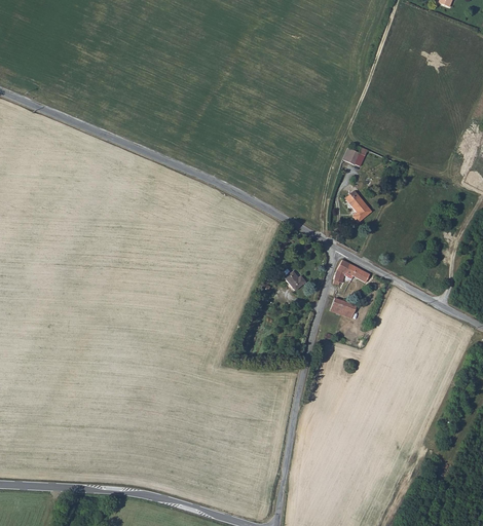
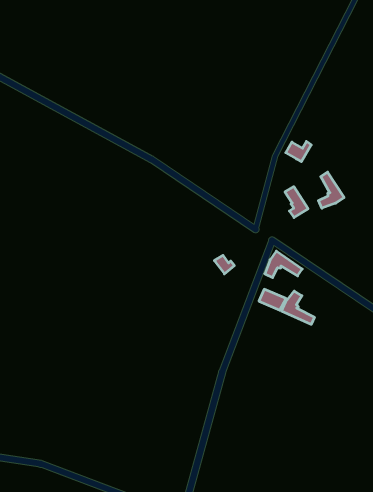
building: none -> [318,172,344,208]
building: none -> [282,291,314,324]

